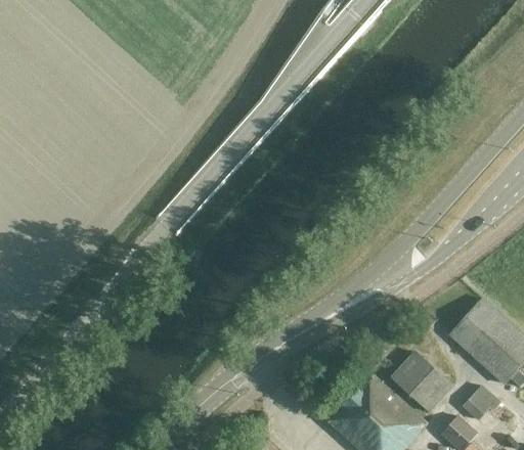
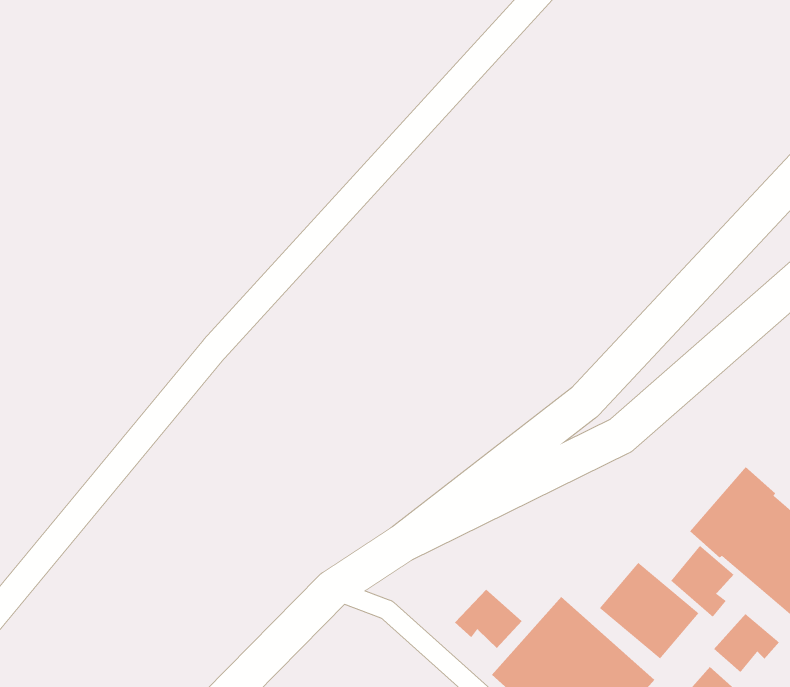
building: none -> [670,545,735,618]
building: none -> [454,589,522,649]

